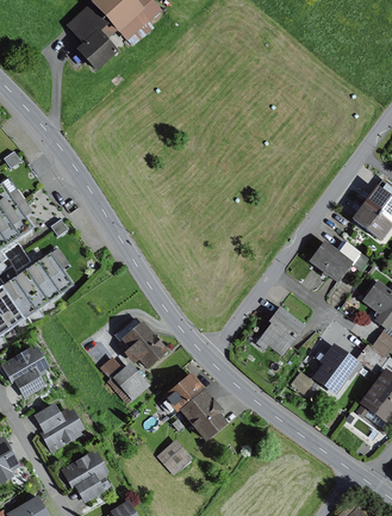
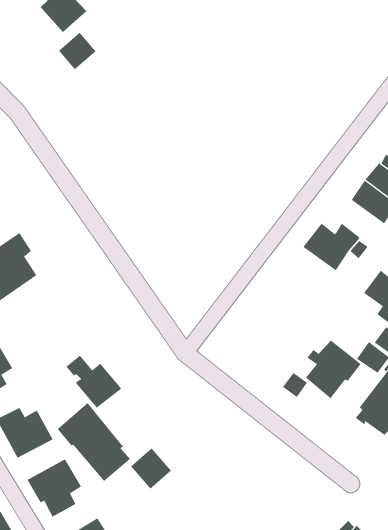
building: none -> [58,32,96,70]
building: [255,306,304,356] -> none
building: [119,321,167,369] -> none
building: [162,373,228,443] -> [57,402,131,482]

